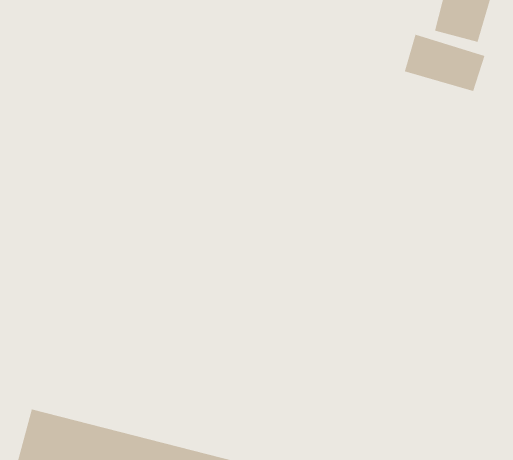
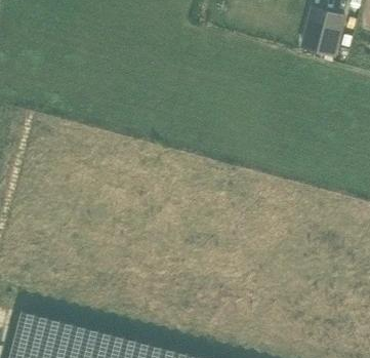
building: [404,34,485,92] -> none

